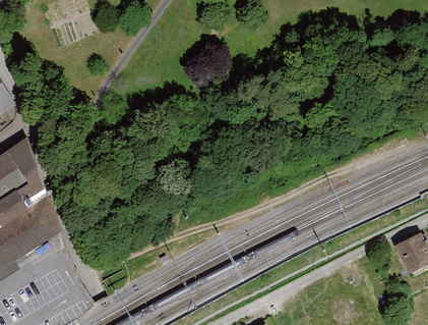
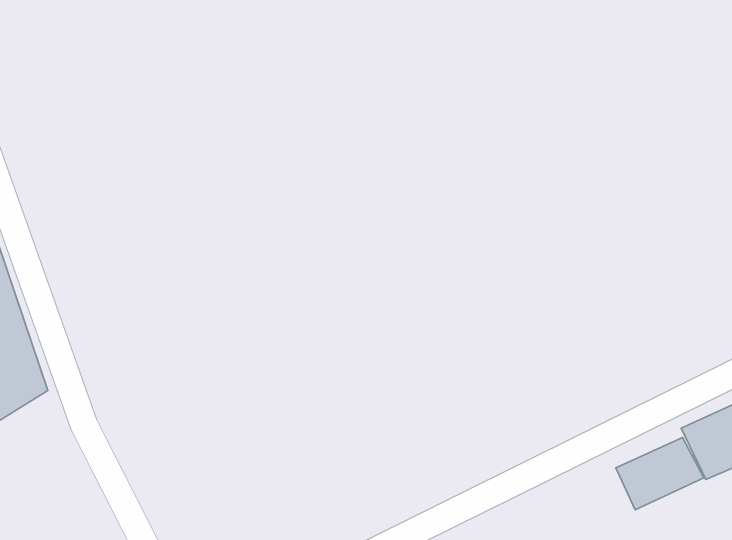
building: none -> [616,437,704,510]

